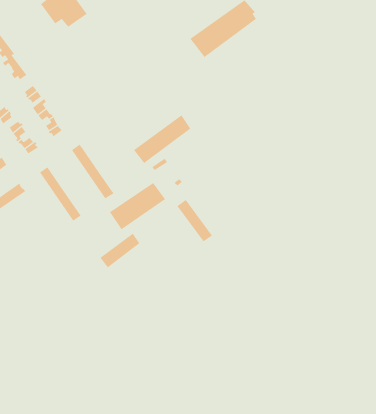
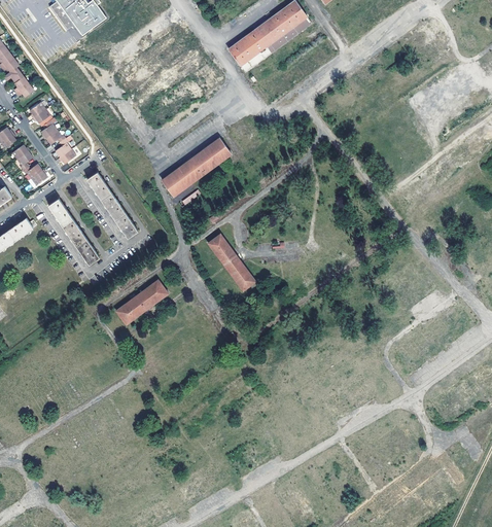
building: [109,182,166,230] -> none

